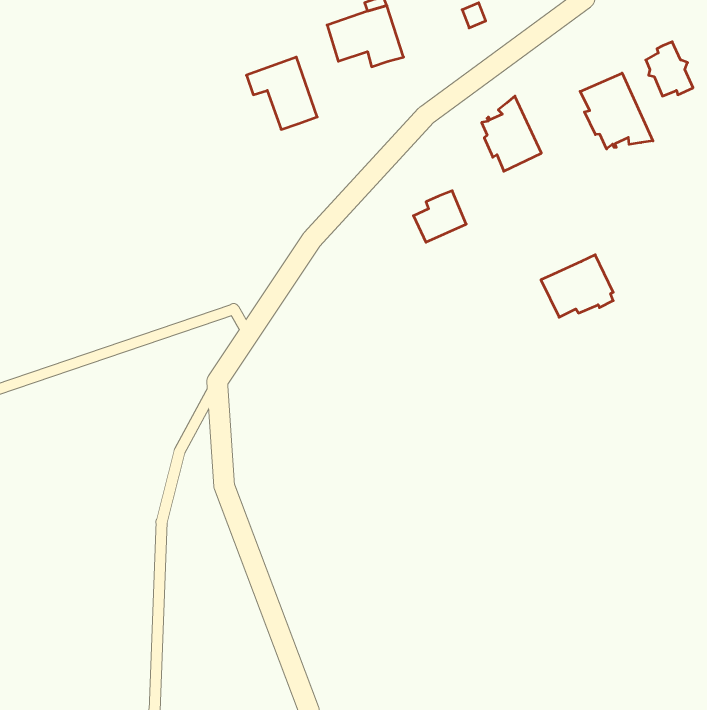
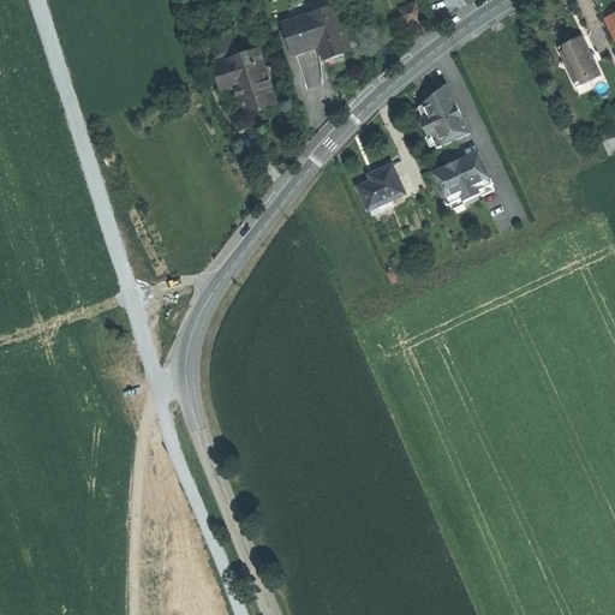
building: [580,73,653,149] -> none
building: [541,255,613,317] -> [429,150,491,204]

